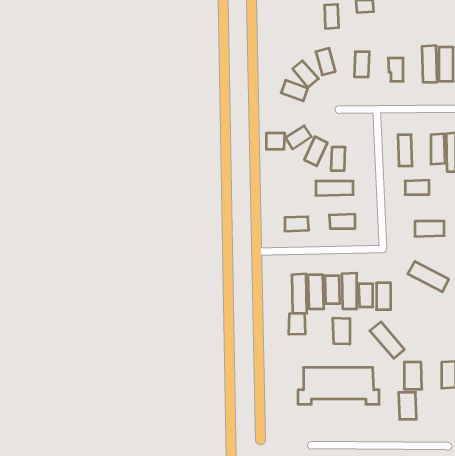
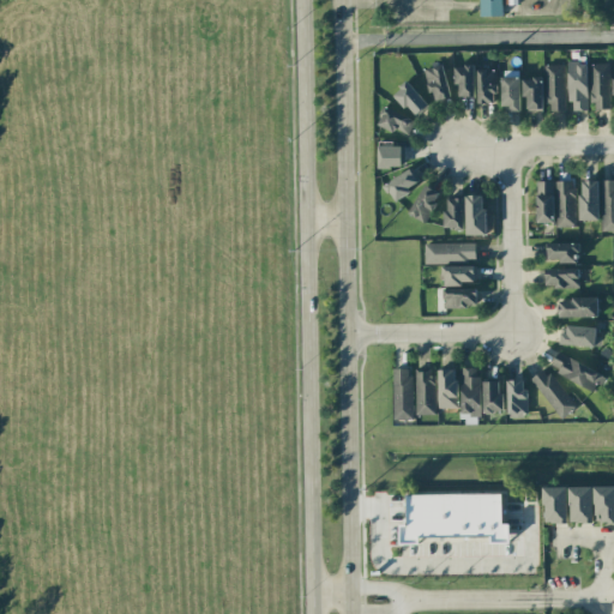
building: [324,4,339,28] -> [457,65,476,97]
building: none -> [546,65,566,110]
building: none -> [502,77,520,112]
building: [266,133,285,149] -> [379,145,404,167]
building: none -> [556,181,576,227]
building: none -> [465,194,486,235]
building: none -> [547,267,579,287]
building: [285,217,309,231] -> [444,265,476,284]
building: none -> [562,326,596,347]
building: [289,313,305,334] -> none
building: [333,318,350,344] -> none
building: [370,322,404,358] -> [530,368,577,417]
building: [399,392,416,419] -> [570,487,594,523]

